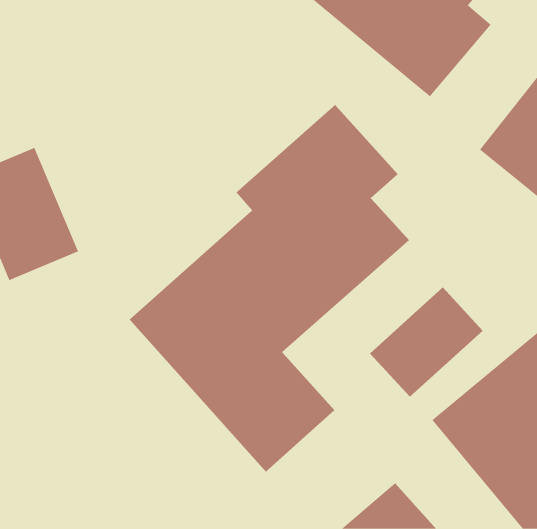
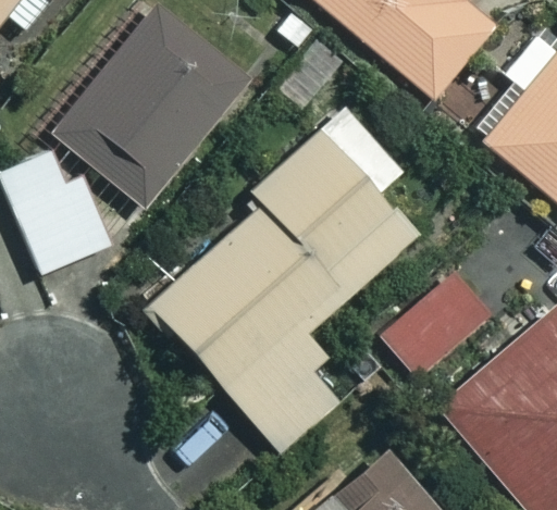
building: none -> [48,9,242,206]

